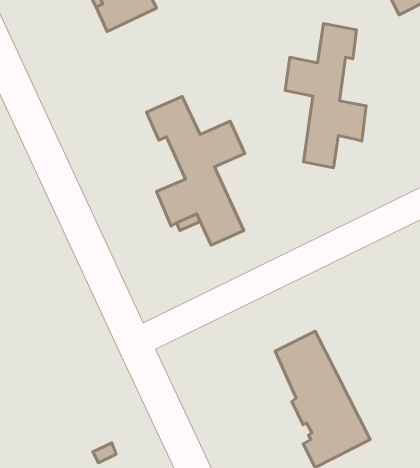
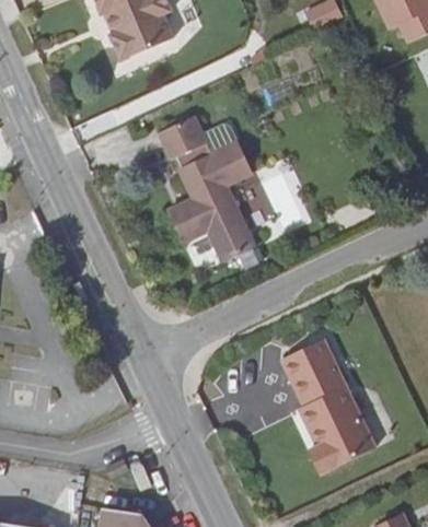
building: [285,24,366,168] -> none

